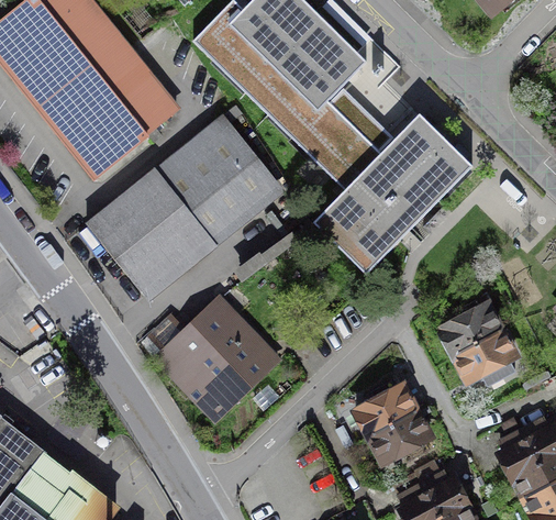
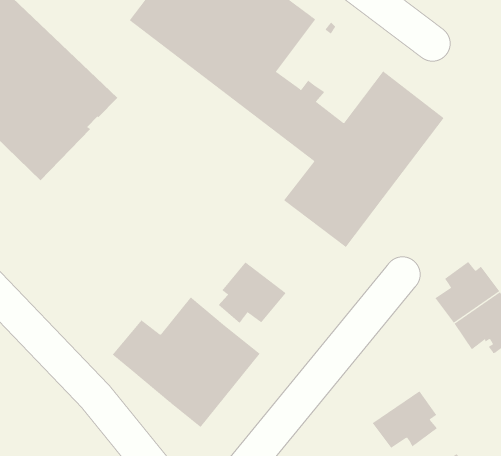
building: [87,120,273,294] -> none
building: none -> [218,262,286,324]
building: [356,379,416,435] -> none

